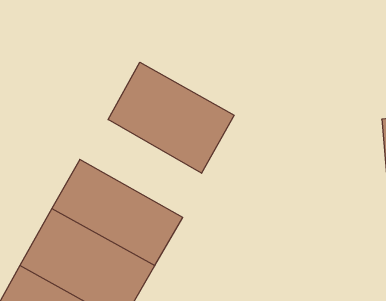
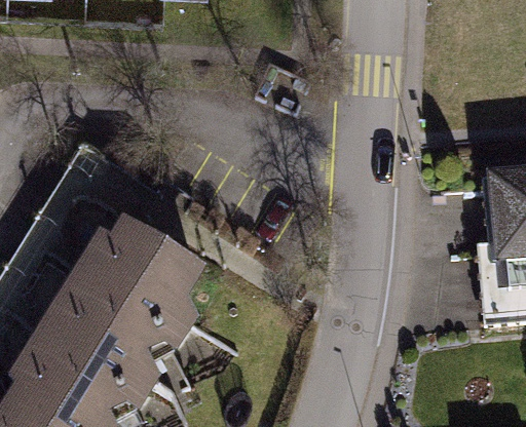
building: [108,62,234,173] -> none

